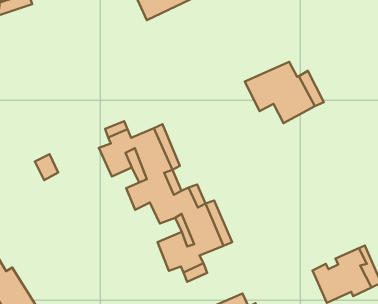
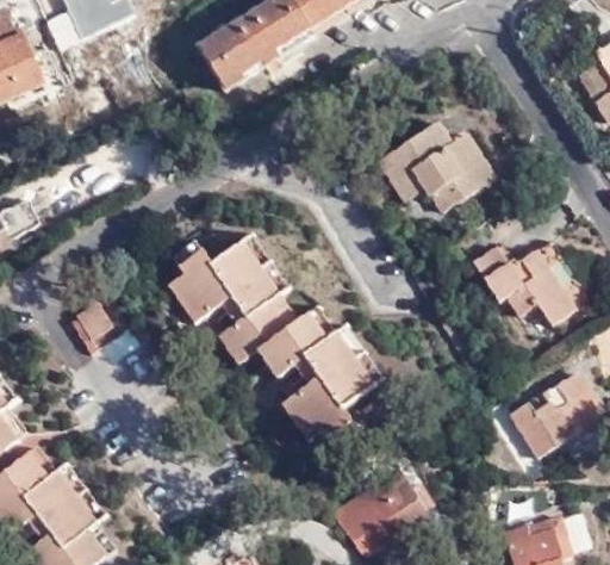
building: none -> [473,248,577,330]

